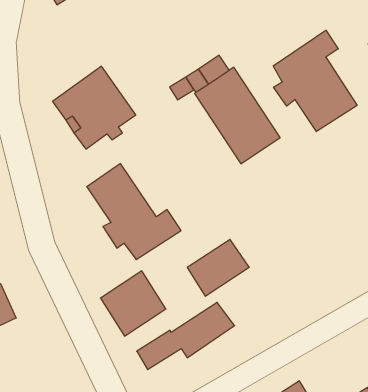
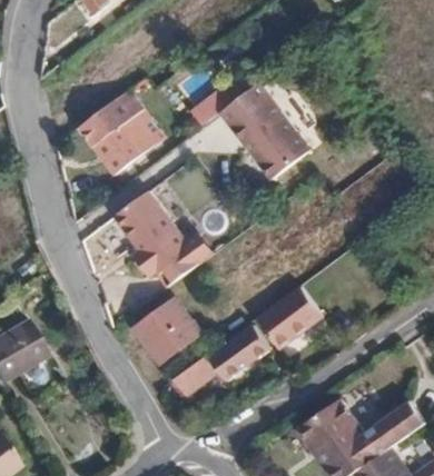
building: [273,30,357,132] -> none
building: [187,239,249,296] -> [260,287,323,346]

